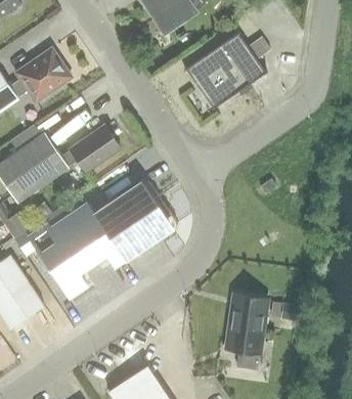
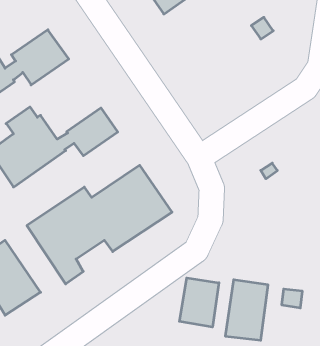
building: [184,31,268,110] -> none
building: none -> [179,278,219,327]

